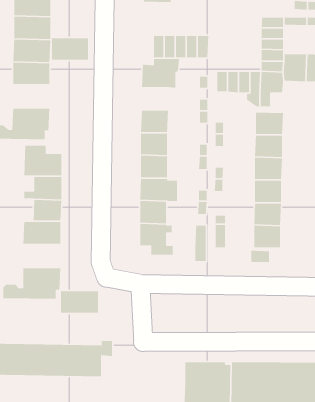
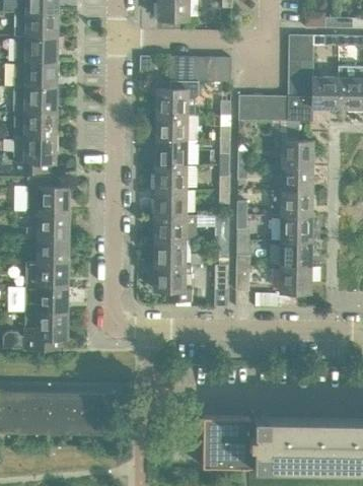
building: [51,38,89,61] -> [14,112,56,137]
building: none -> [156,115,187,139]
building: [60,290,99,313] -> [25,287,68,313]

